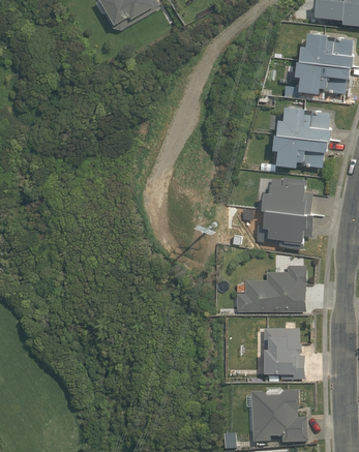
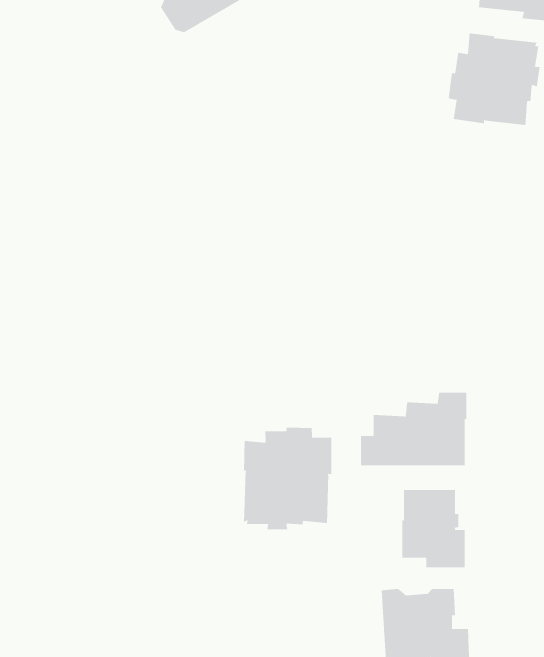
building: [270,103,329,167] -> none
building: [250,176,312,247] -> none
building: none -> [243,427,332,530]

